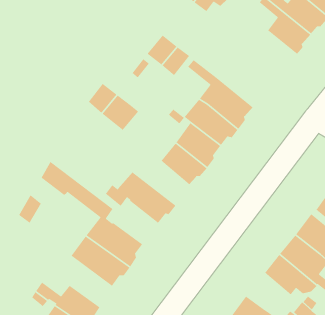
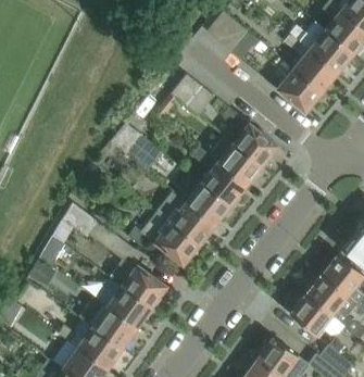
building: none -> [277,70,324,113]
building: none -> [156,191,214,248]
building: none -> [79,299,136,351]

